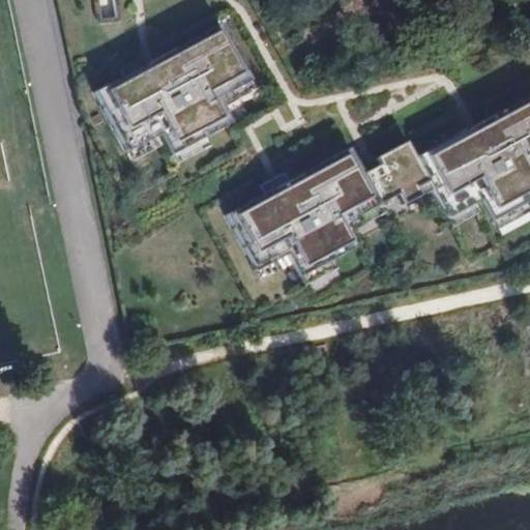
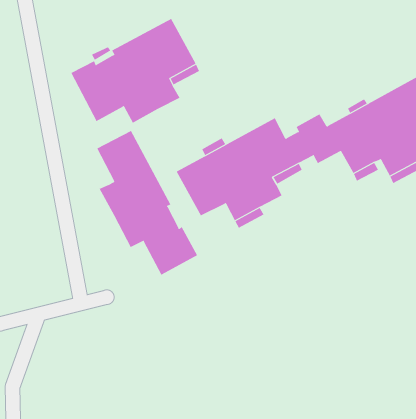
building: none -> [96,130,198,275]

